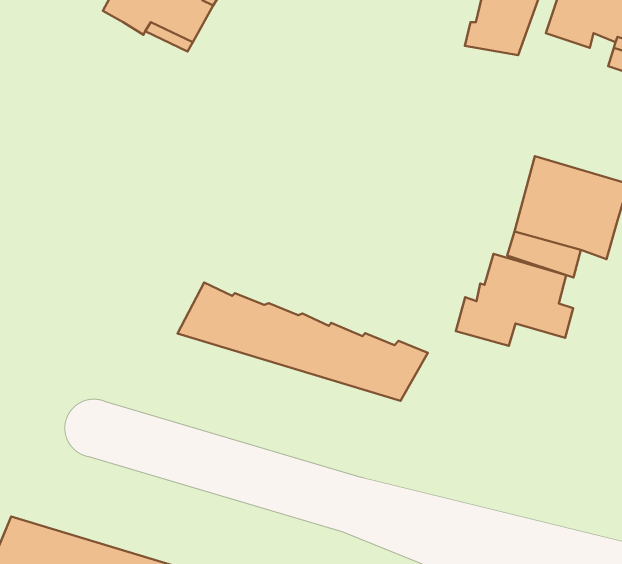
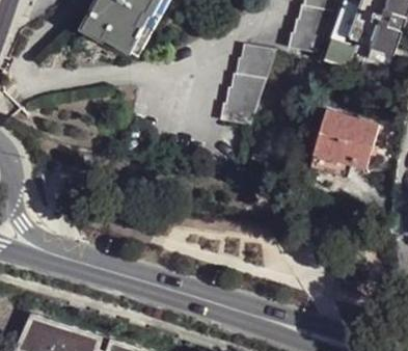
building: none -> [219,47,274,125]
building: [456,254,573,346] -> none
building: [178,283,428,401] -> none

